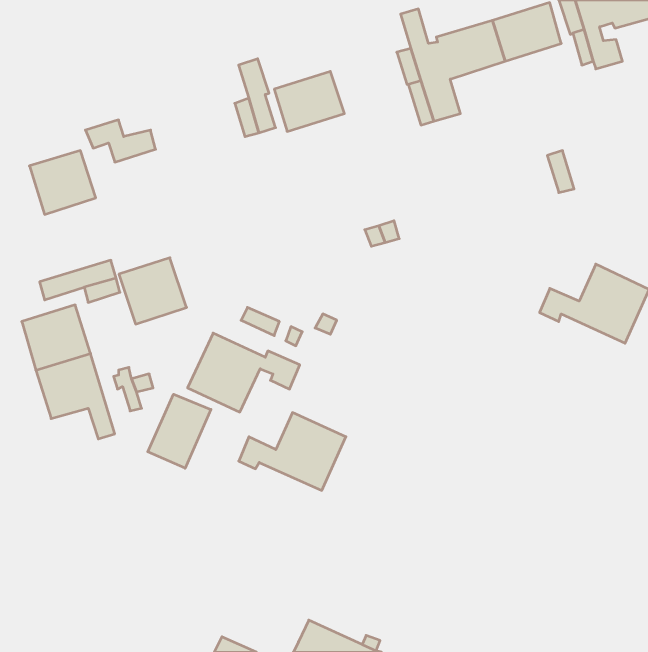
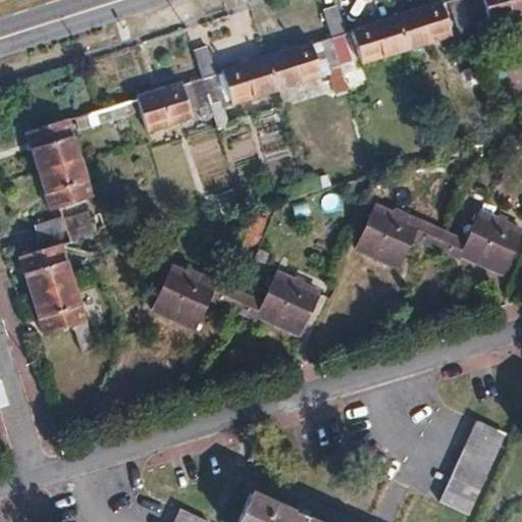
building: none -> [267,43,321,91]
building: none -> [136,84,193,132]
building: [119,258,187,324] -> [39,158,93,211]
building: none -> [354,206,442,269]
building: [148,394,211,468] -> none
building: [239,413,346,490] -> [234,272,320,334]
building: none -> [440,421,505,514]

